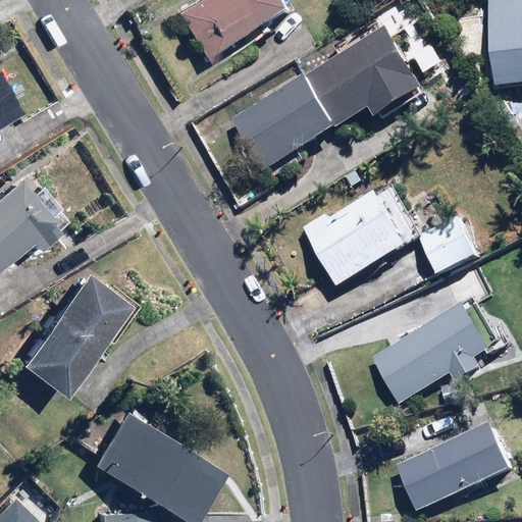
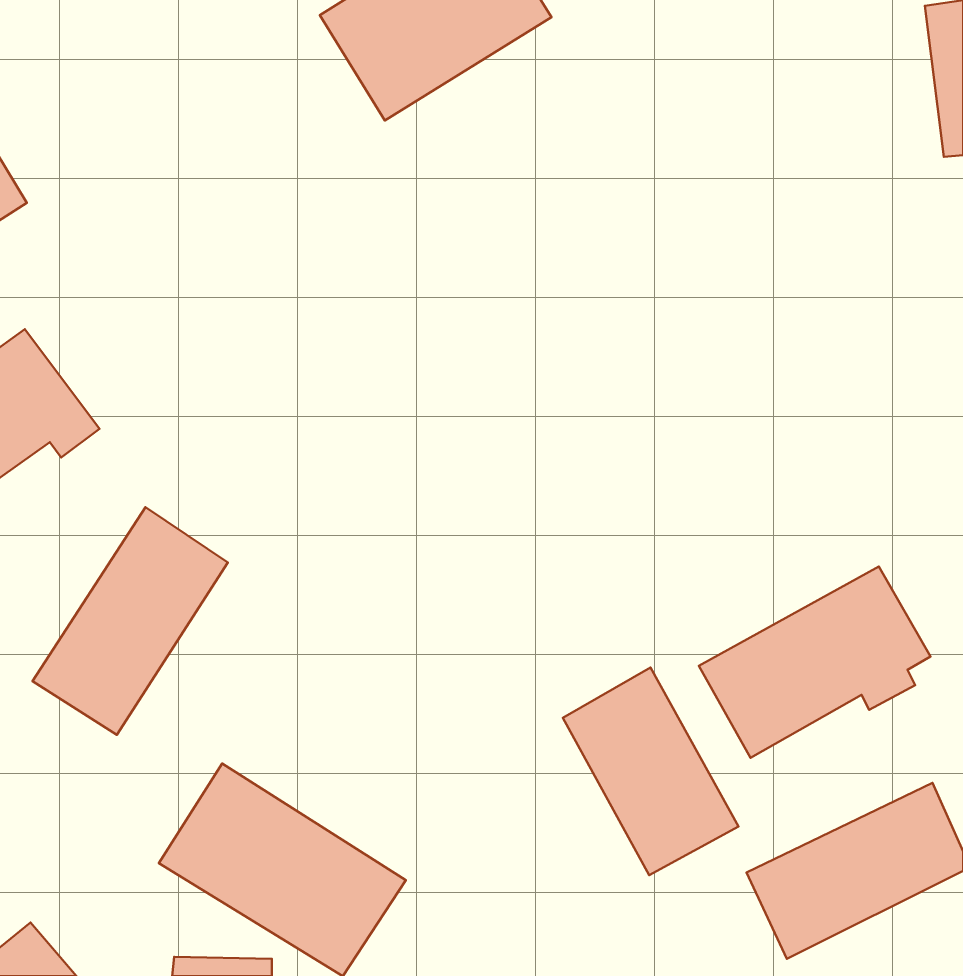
building: [236,27,426,165] -> none
building: [303,184,415,289] -> none
building: [419,216,478,273] -> none
building: none -> [563,668,738,875]

